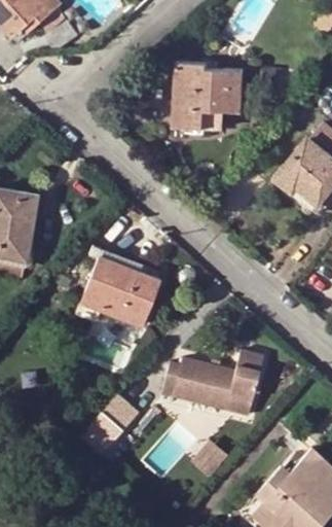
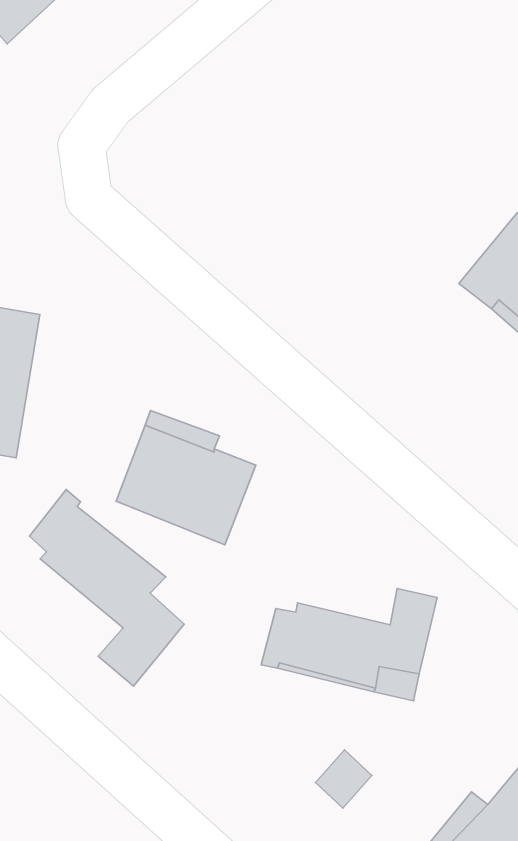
building: [174,64,243,129] -> none
building: none -> [30,489,184,686]
building: [95,393,138,436] -> none

